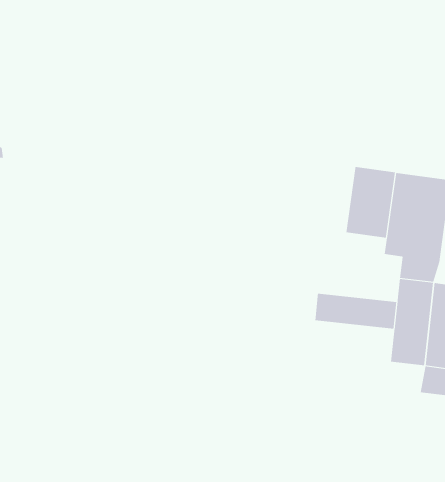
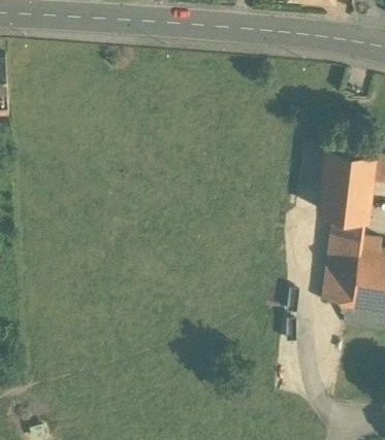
building: [346,166,396,238] -> none
building: [315,293,397,329] -> none

